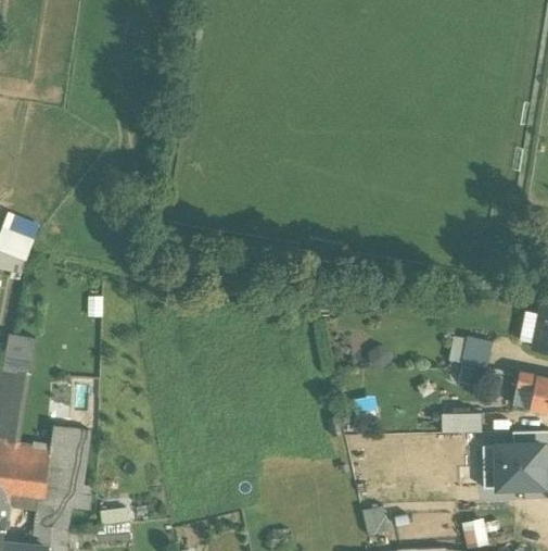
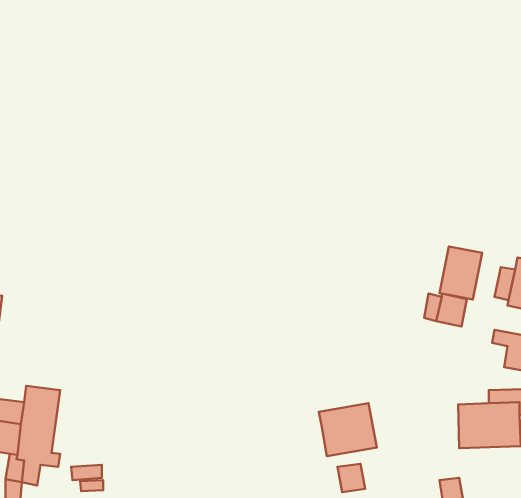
building: none -> [440,246,482,300]
building: [442,413,480,434] -> none
building: none -> [319,403,377,456]

